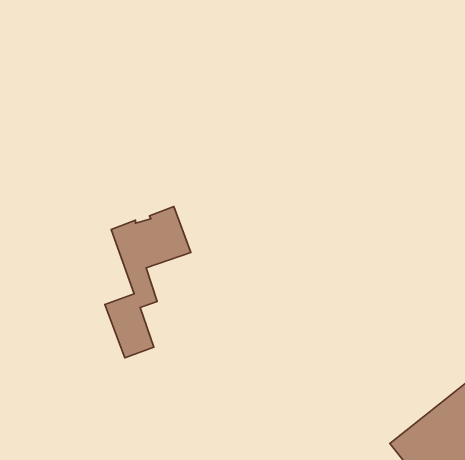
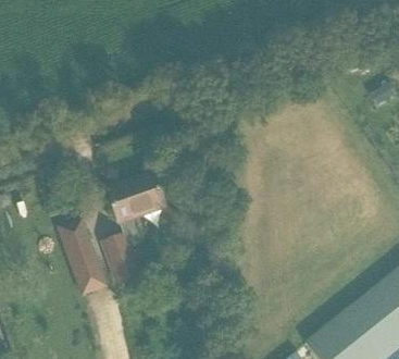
building: none -> [58,221,104,295]

